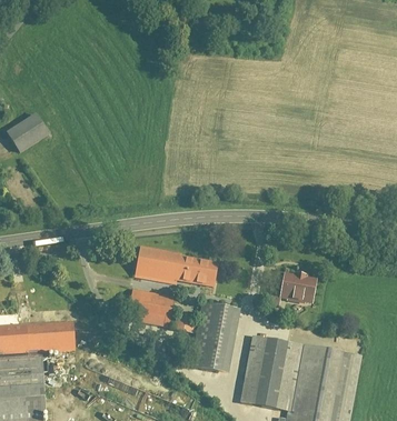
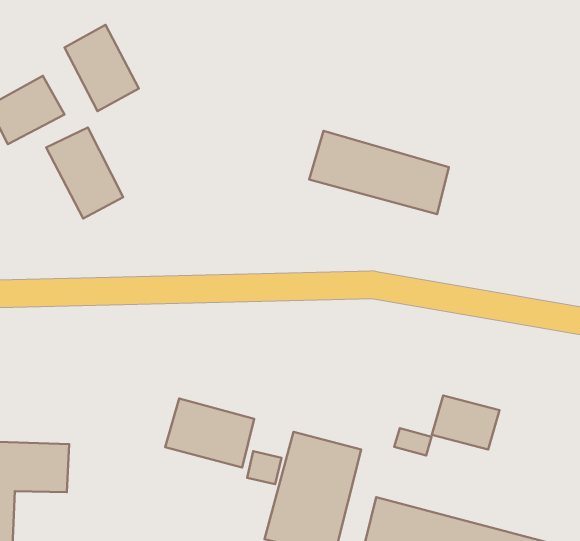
building: none -> [64,25,139,111]
building: none -> [46,127,123,218]
building: [135,245,215,288] -> [309,131,449,214]

